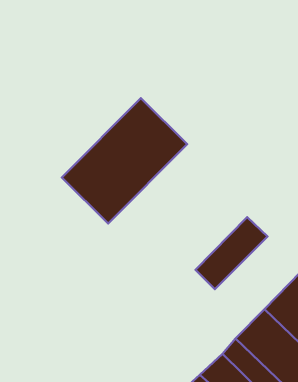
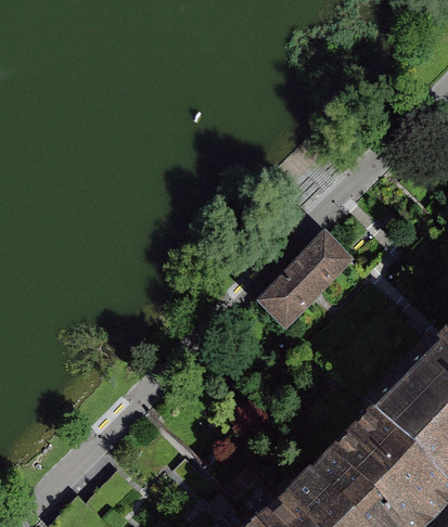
building: [62,98,187,223] -> none
building: [195,217,267,289] -> [254,229,350,325]

